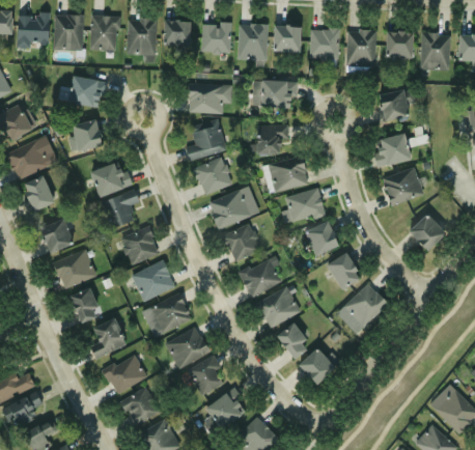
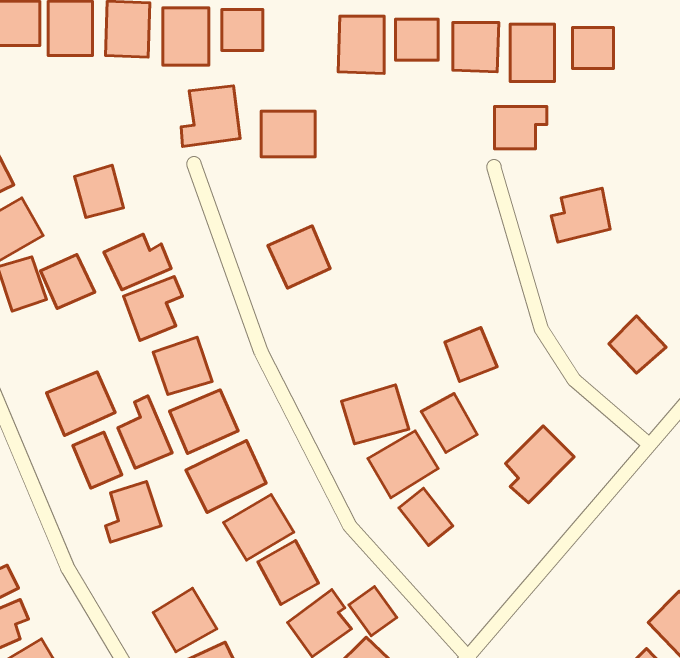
building: [201,23,230,52] -> none
building: [420,32,449,69] -> none
building: [67,76,106,108] -> none
building: [260,81,295,107] -> none
building: [381,91,414,118] -> [494,106,547,149]
building: [186,120,223,159] -> [181,86,240,147]
building: [255,124,288,154] -> none
building: [268,156,308,192] -> none
building: [382,167,423,204] -> none
building: [207,186,259,229] -> none
building: [284,188,325,224] -> none
building: [39,219,74,253] -> [41,254,95,308]
building: [221,223,260,262] -> none
building: [326,252,361,289] -> [421,394,477,453]
building: none -> [118,396,172,468]
building: [298,347,334,385] -> none
building: [102,351,147,394] -> none
building: none -> [349,586,397,636]

